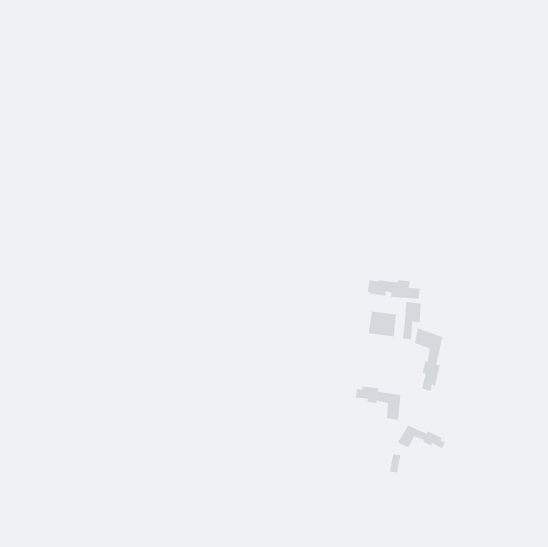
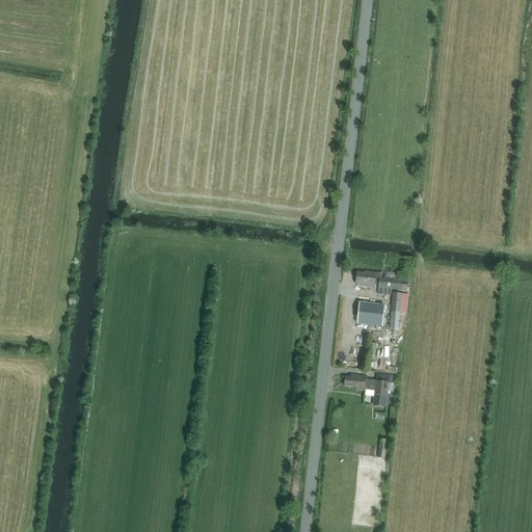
building: [414,327,443,392] -> none
building: [397,425,446,449] -> none

